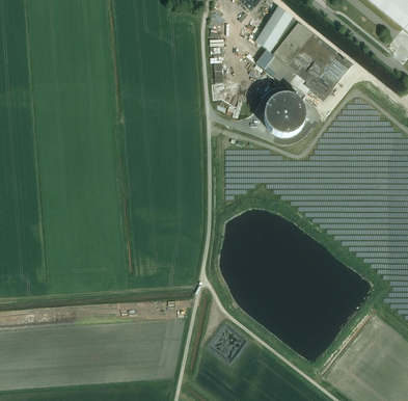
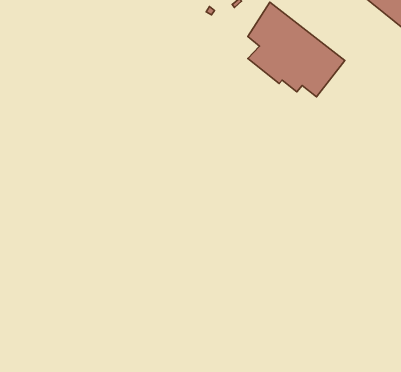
building: [263,91,308,135] -> none

